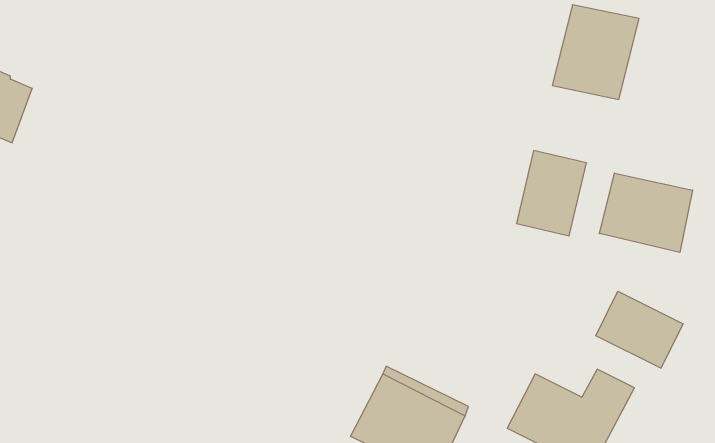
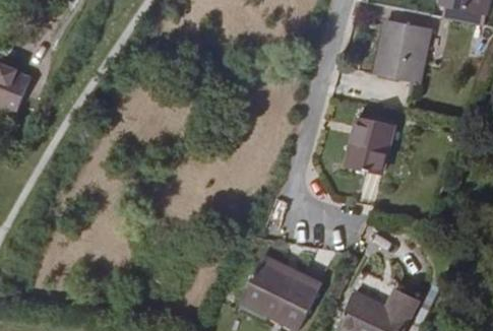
building: [599,173,693,252] -> none
building: [596,291,683,368] -> none

